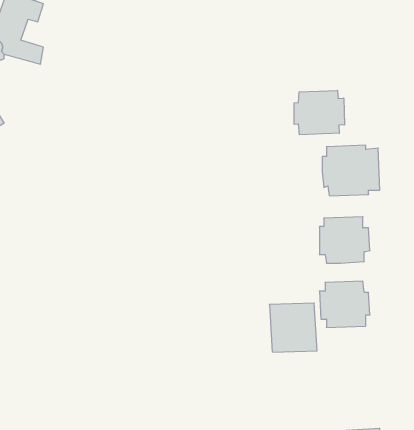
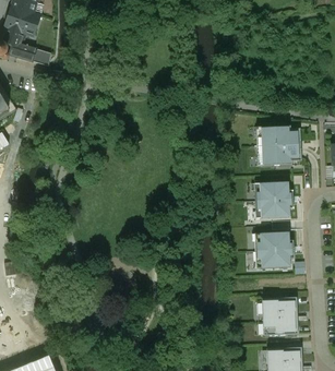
building: [294,90,344,135] -> none
building: [269,303,317,352] -> [260,297,297,335]

